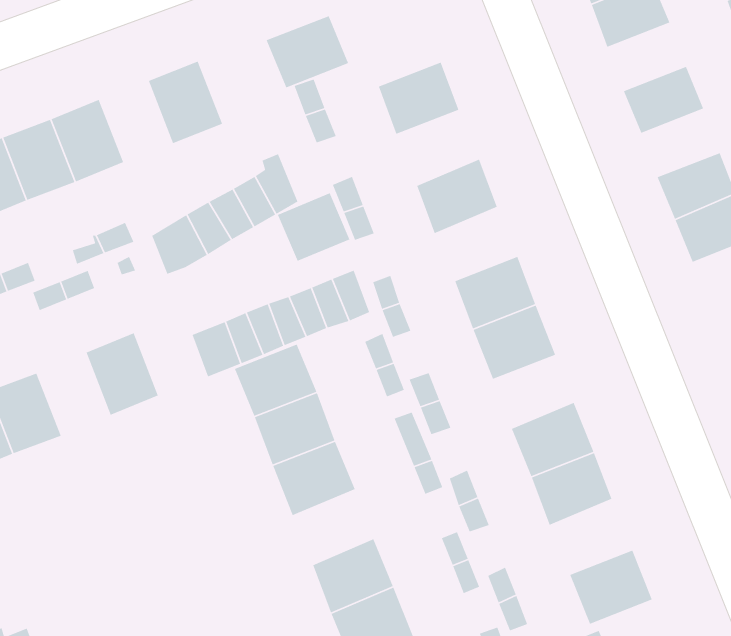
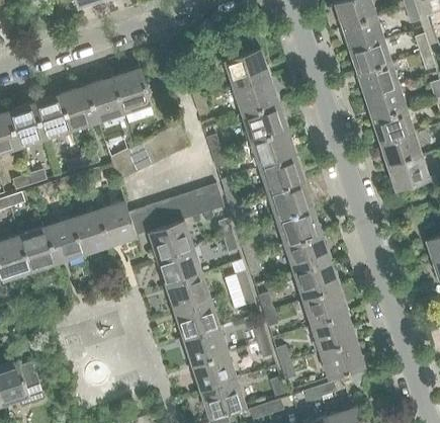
building: [266,15,349,88] -> [225,50,268,87]
building: none -> [356,63,398,97]
building: none -> [86,77,123,119]
building: none -> [371,109,413,144]
building: none -> [242,102,285,141]
building: [277,192,351,262] -> none
building: none -> [259,155,302,192]
building: none -> [97,201,135,244]
building: none -> [45,219,82,262]
building: none -> [285,235,328,272]
building: none -> [175,300,217,338]
building: none -> [311,313,354,351]

